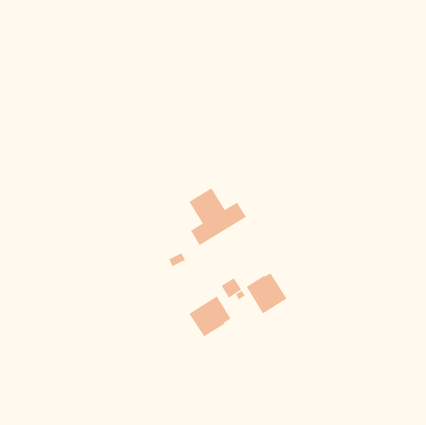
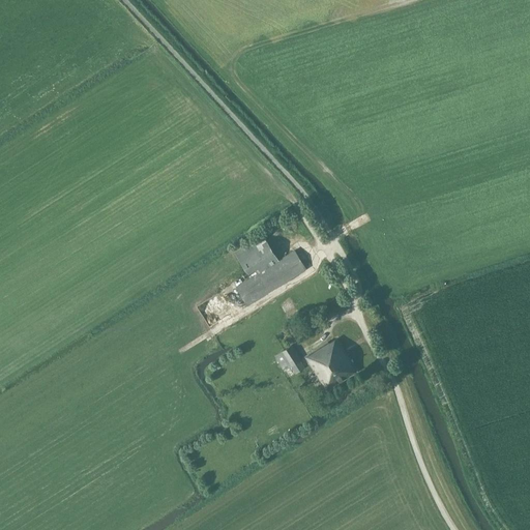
building: [188,296,231,337] -> none

